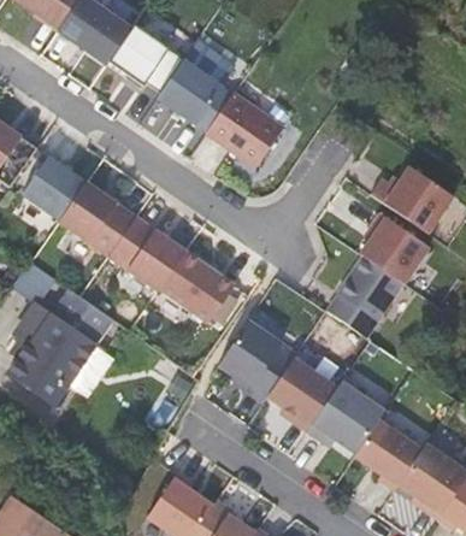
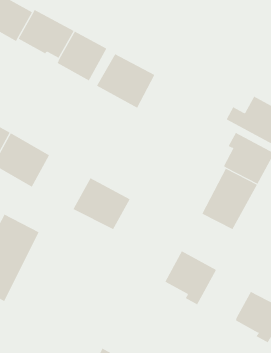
building: [110,217,187,289] -> none
building: [219,323,297,404] -> none
building: [308,383,385,454] -> none

